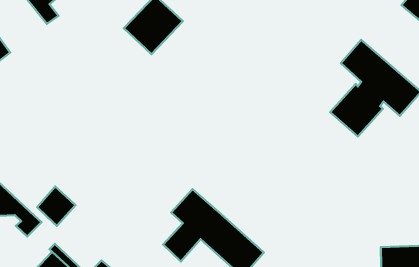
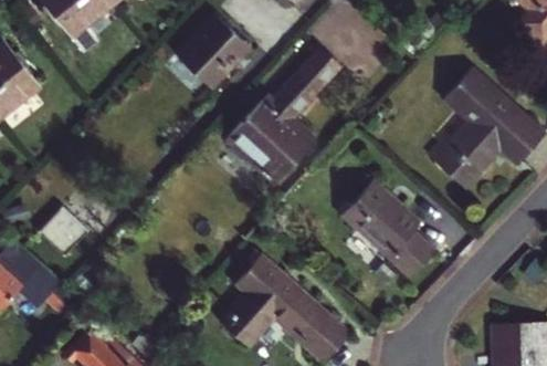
building: none -> [229,49,340,180]
building: none -> [344,179,436,279]
building: [37,186,76,226] -> [40,207,87,255]

